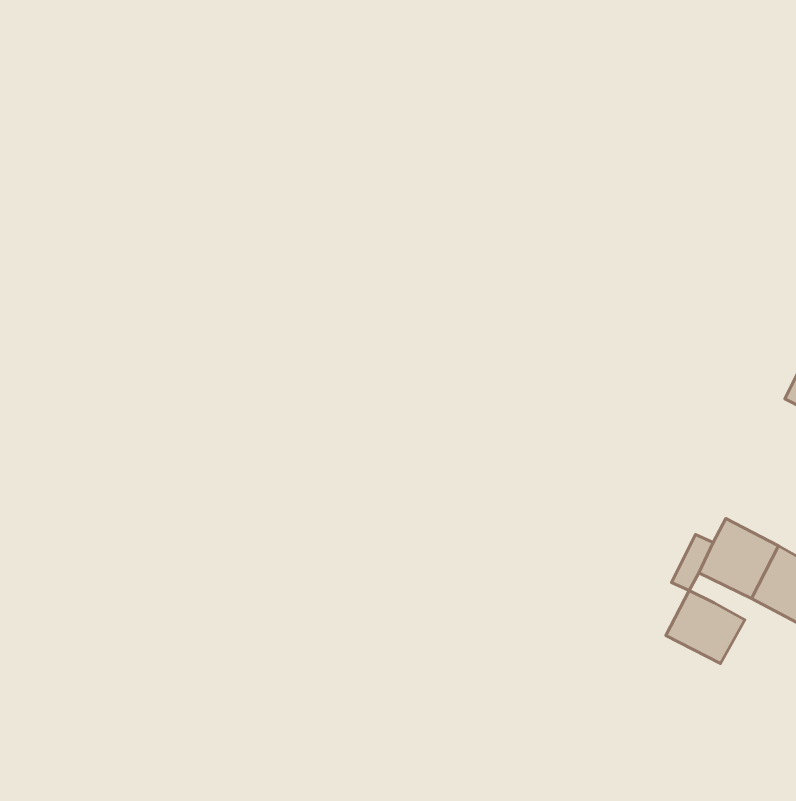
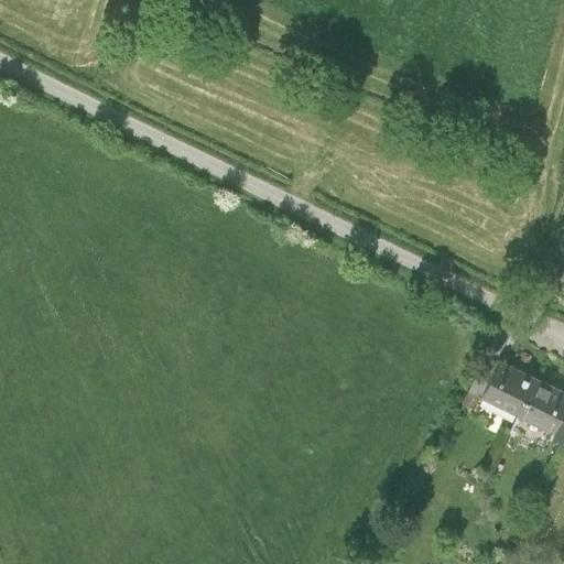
building: [666,590,745,664] -> none

